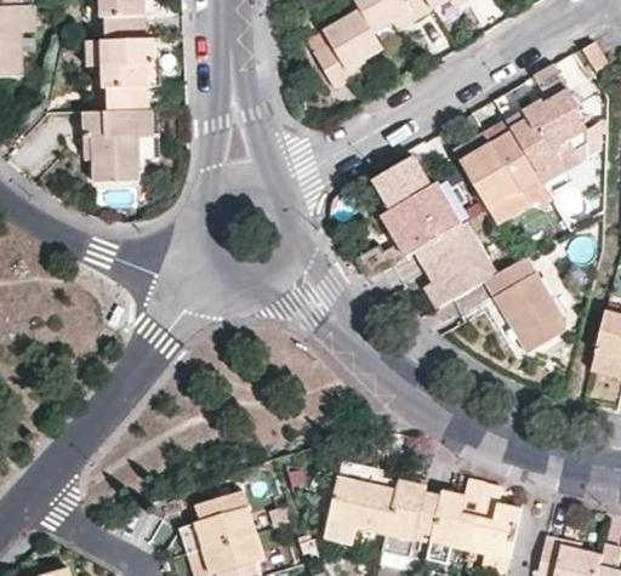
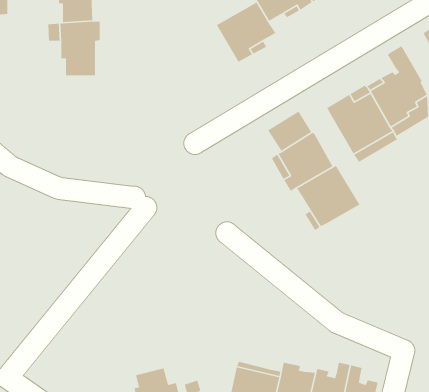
building: [89,107,165,179] -> none
building: [484,257,563,352] -> none

